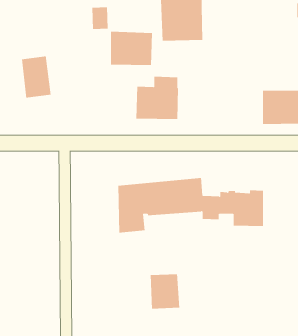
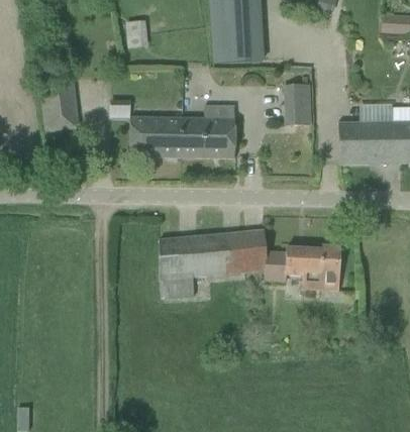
building: [110,31,153,66] -> [130,114,183,156]
building: none -> [285,84,311,124]
building: [150,273,180,310] -> none

